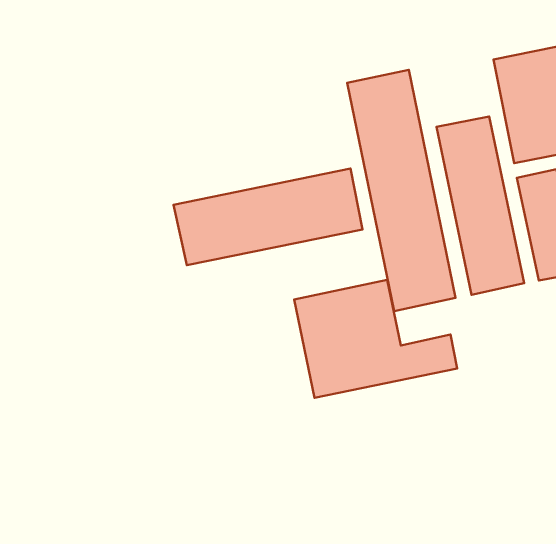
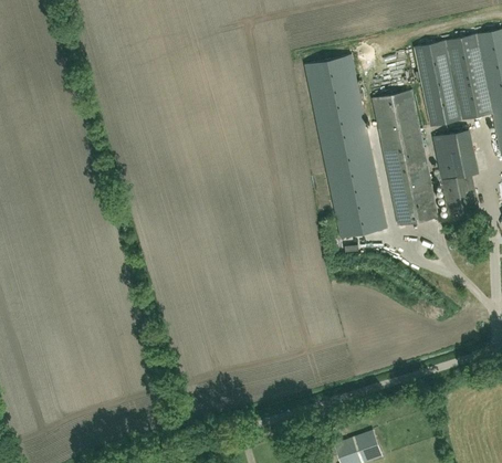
building: [174,168,362,265] -> none
building: [294,280,457,398] -> none

